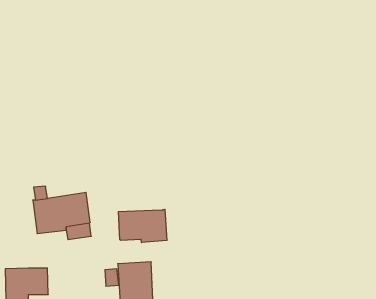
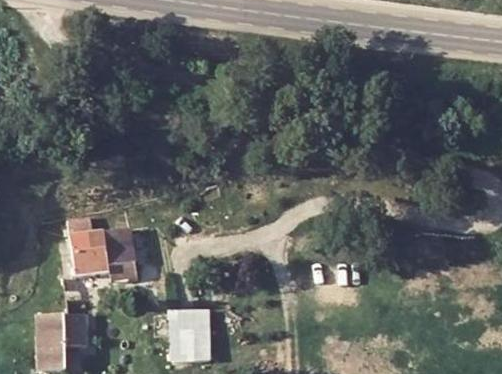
building: [118,209,167,243] -> none

